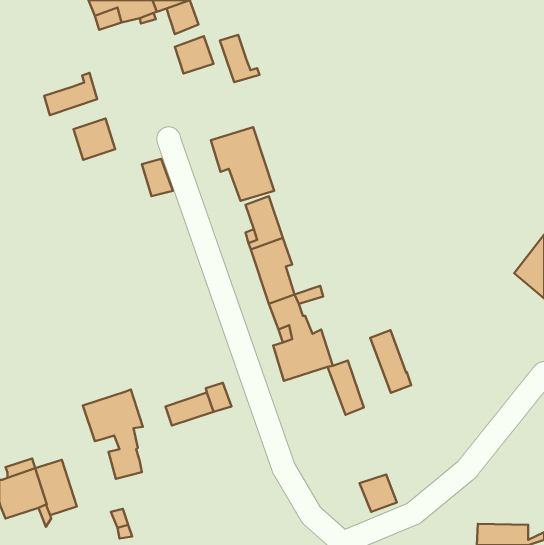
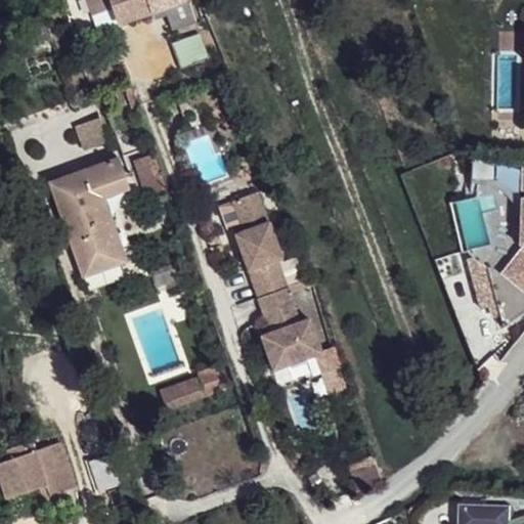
building: [220,35,259,82] -> none
building: [44,73,97,115] -> none
building: [211,127,274,201] -> none
building: none -> [48,158,130,276]
building: [370,330,411,393] -> none
building: [83,389,143,479] -> none

